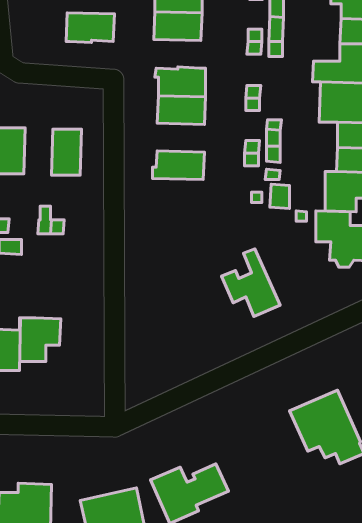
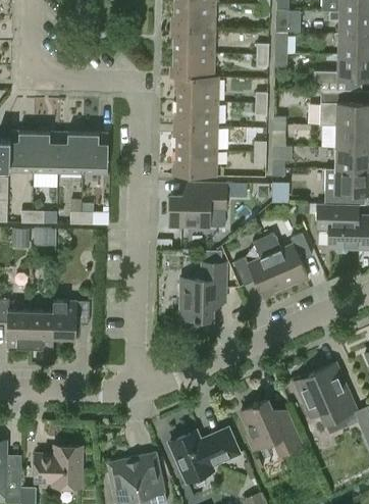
building: [66,13,114,43] -> [171,53,214,80]
building: none -> [175,128,217,153]
building: none -> [57,132,83,173]
building: none -> [169,185,225,229]
building: none -> [262,234,311,289]
building: none -> [179,264,225,320]
building: none -> [240,401,301,456]

